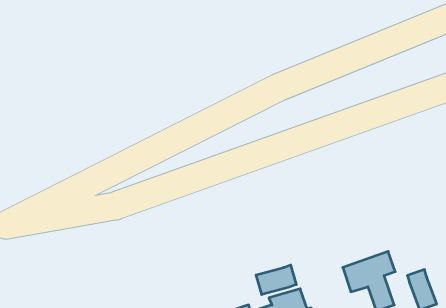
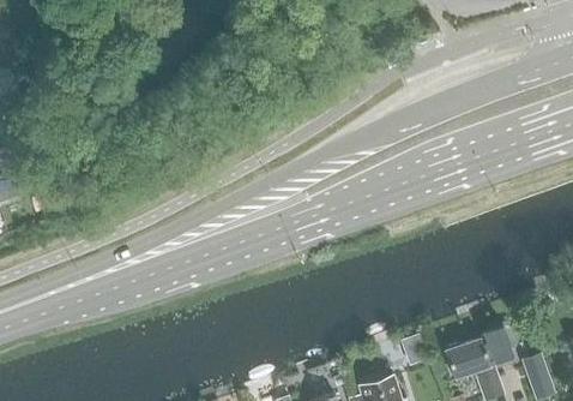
building: [256,265,296,295] -> none

